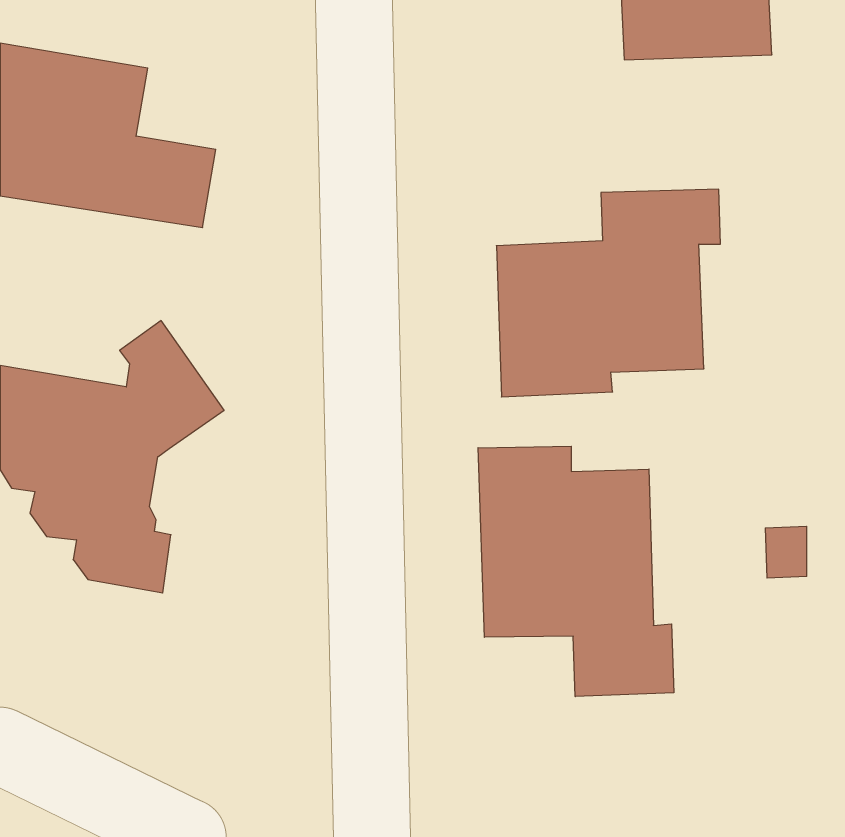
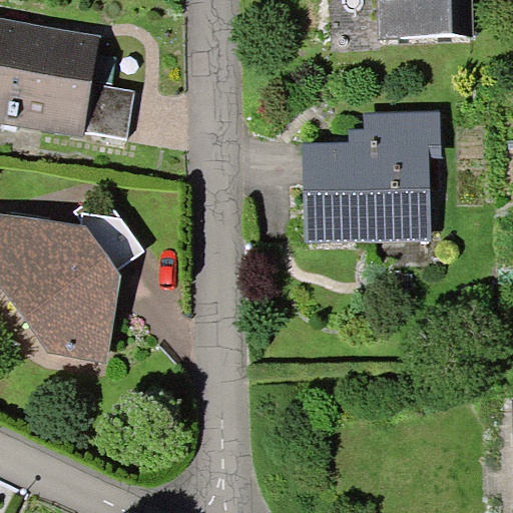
building: [478,446,674,697] -> none

